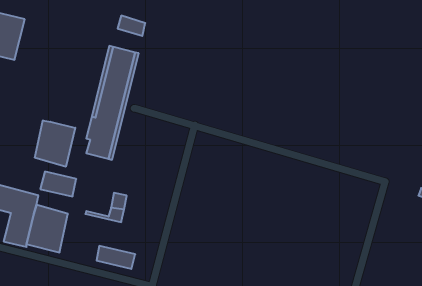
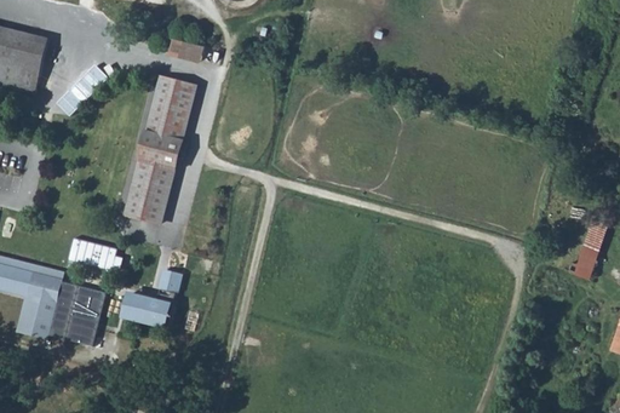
building: [35,120,75,167] -> none
building: [97,246,135,269] -> [122,296,173,326]

